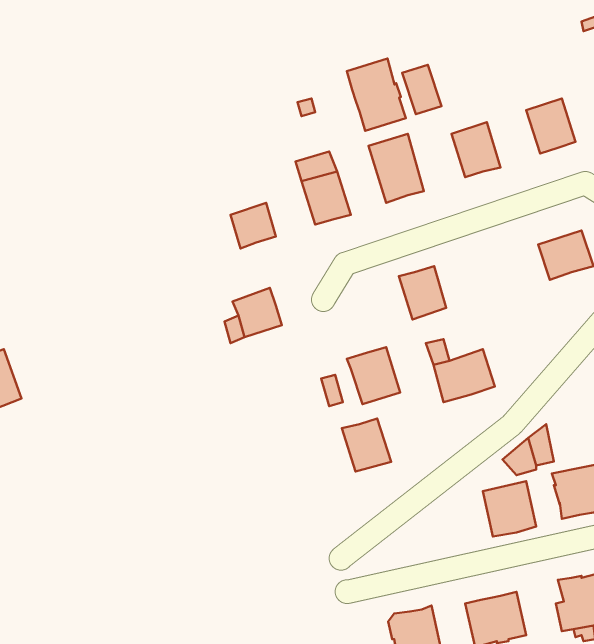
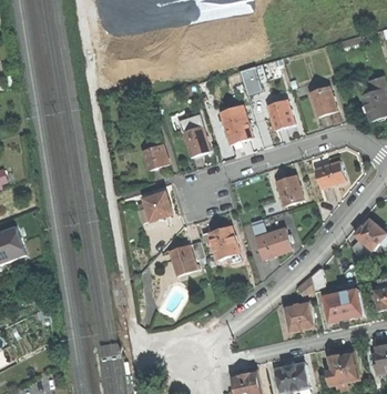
building: [347,59,406,131] -> none
building: [399,266,446,320] -> [276,174,303,204]
building: [342,418,391,472] -> [170,244,197,274]

